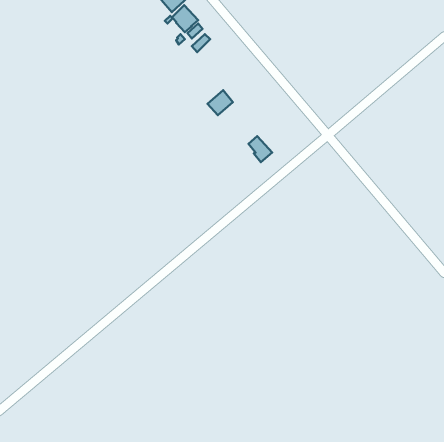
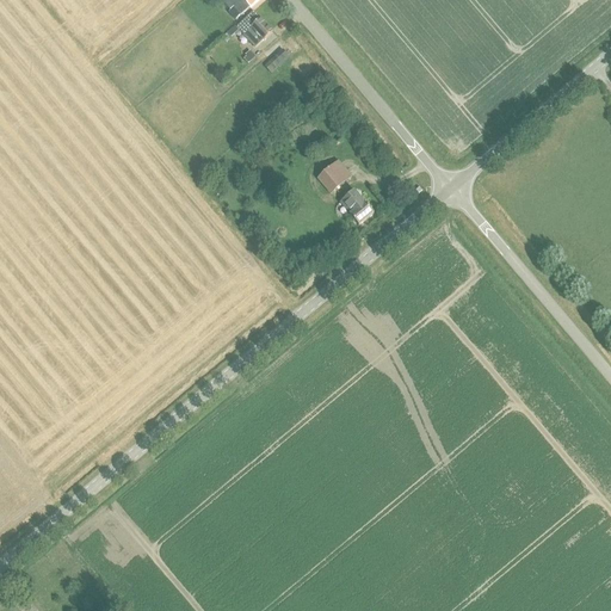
building: [207,90,233,115] -> [315,158,350,192]

